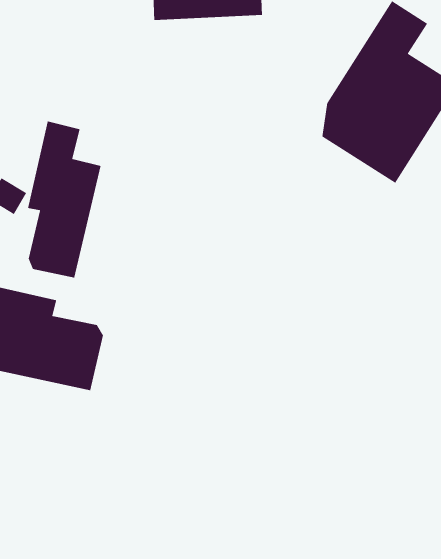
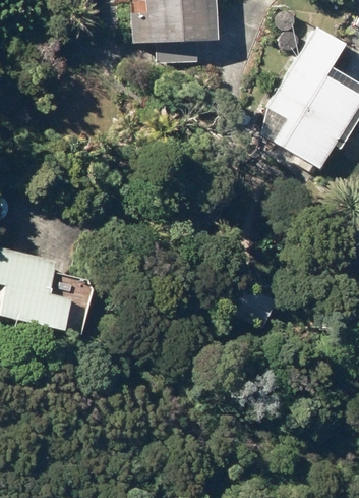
building: [27,120,102,279] -> none

